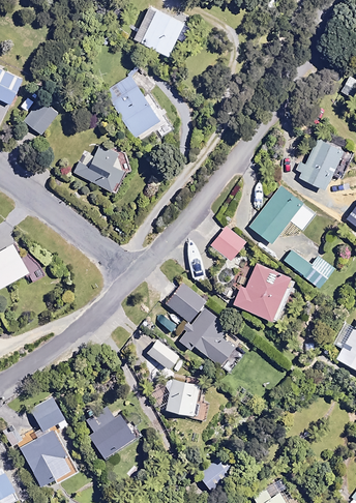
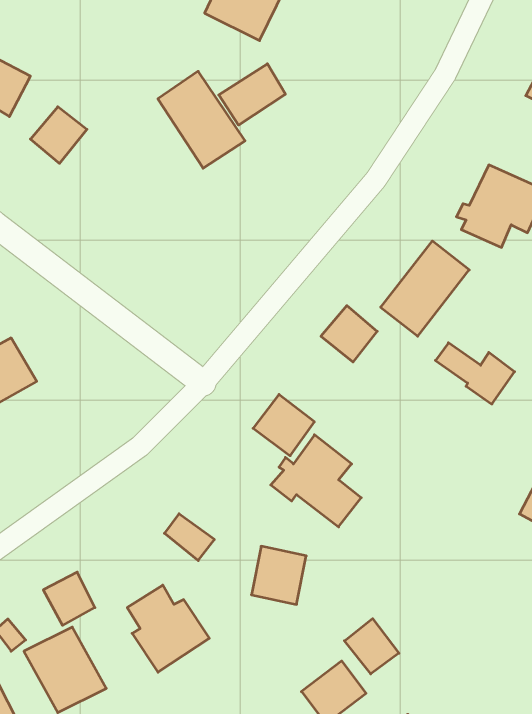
building: none -> [219,64,285,125]
building: [71,144,127,194] -> none
building: [233,262,290,321] -> none
building: [147,339,179,369] -> [164,514,214,561]
building: none -> [344,619,399,674]

